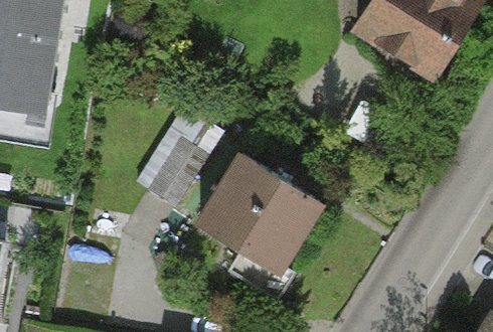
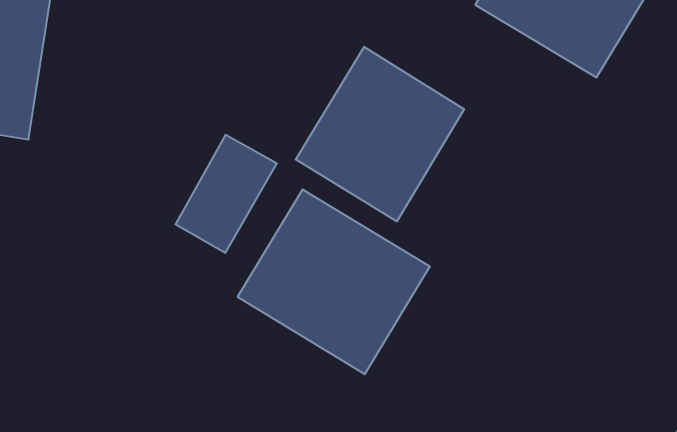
building: none -> [296,47,464,221]

